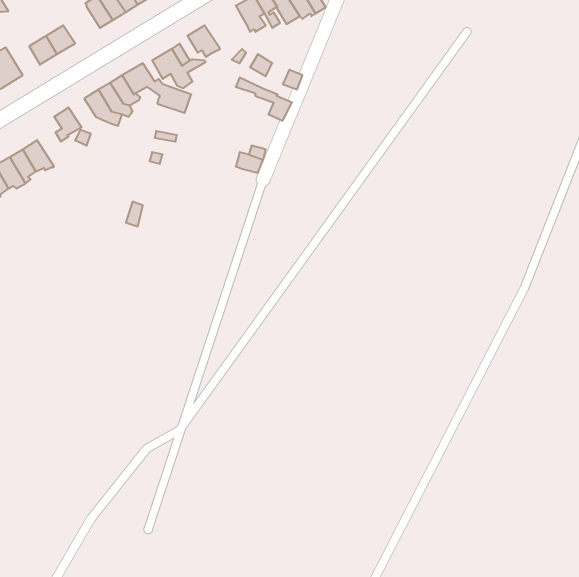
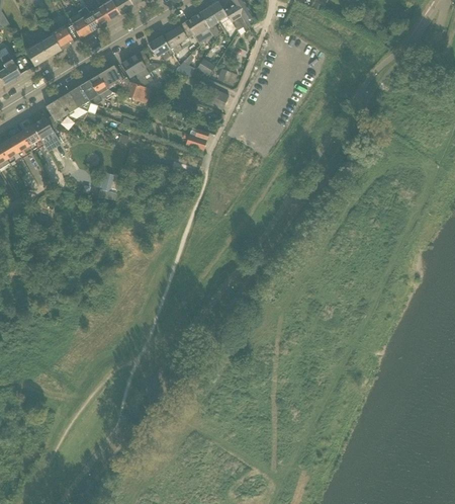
building: none -> [161,20,193,54]
building: none -> [51,21,80,50]
building: none -> [56,92,88,119]
building: none -> [31,116,58,145]

